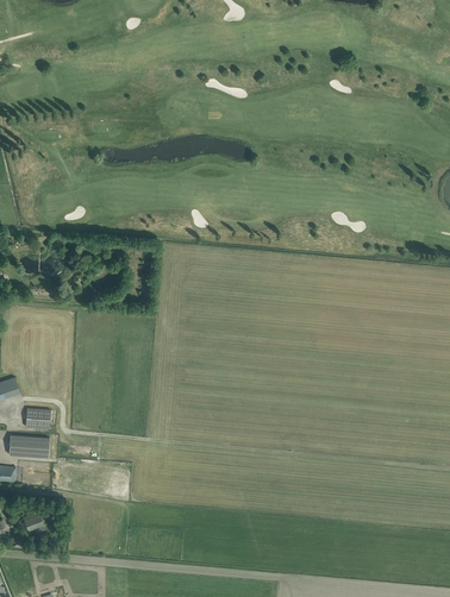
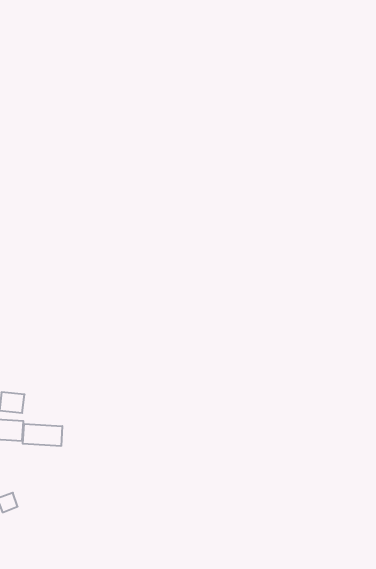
building: none -> [23,424,62,446]

